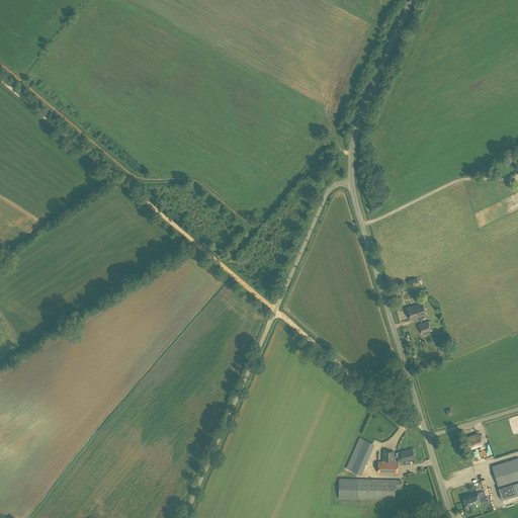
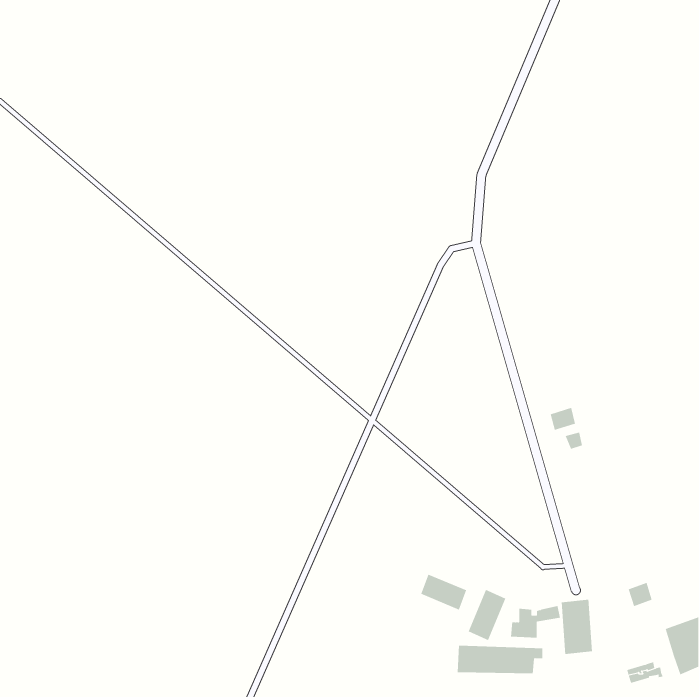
building: none -> [420,574,467,610]
building: none -> [561,599,593,655]

